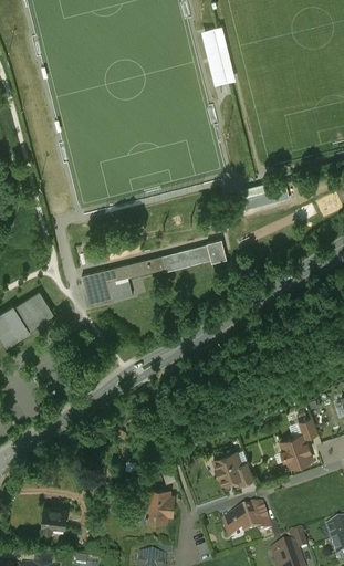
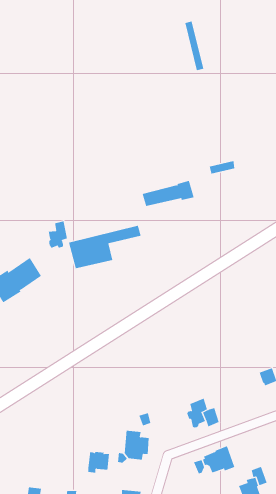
building: [167,240,227,270] -> [142,180,194,206]
building: none -> [48,220,68,249]
building: [281,436,312,469] -> none
building: [42,507,67,532] -> [88,452,110,473]

